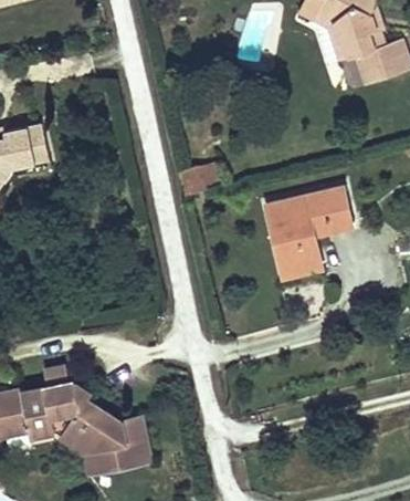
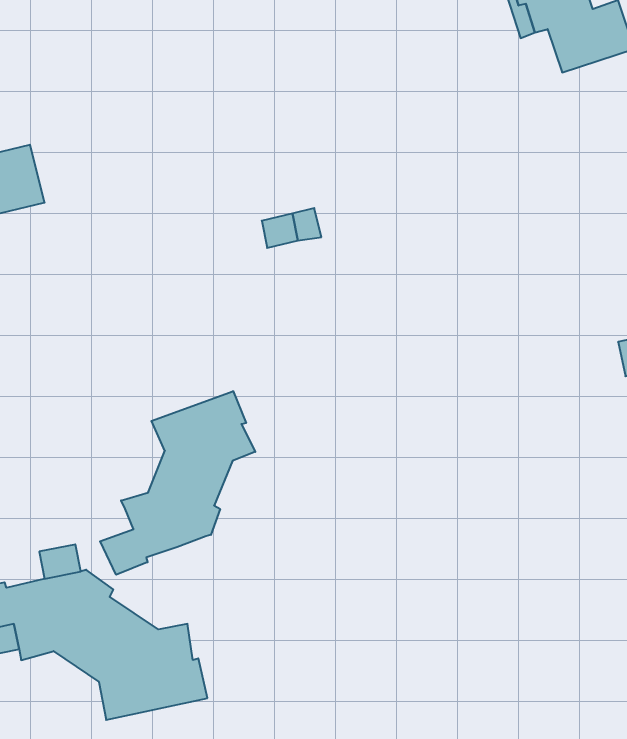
building: [265,187,351,278] -> none
building: none -> [100,391,255,575]

